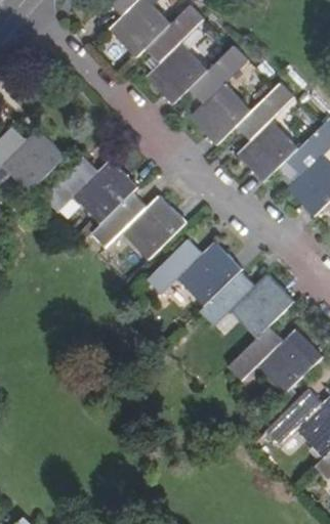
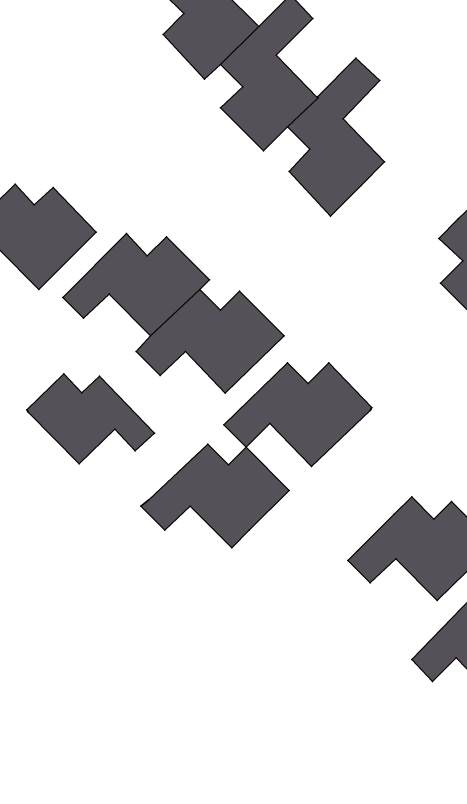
building: [236,82,298,181] -> none
building: none -> [27,374,154,464]
building: [199,270,294,337] -> [141,444,289,548]

